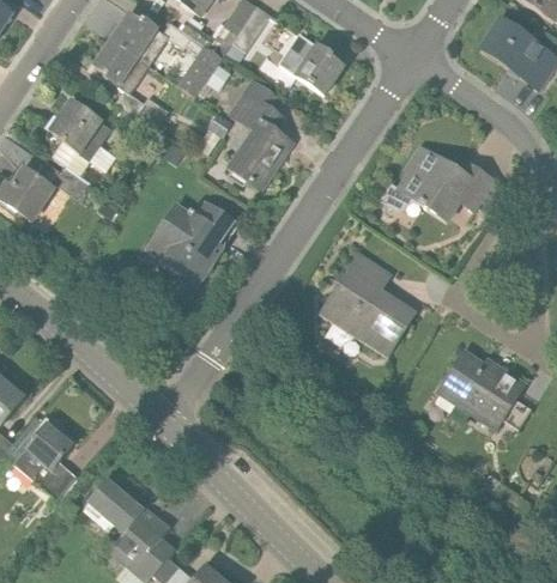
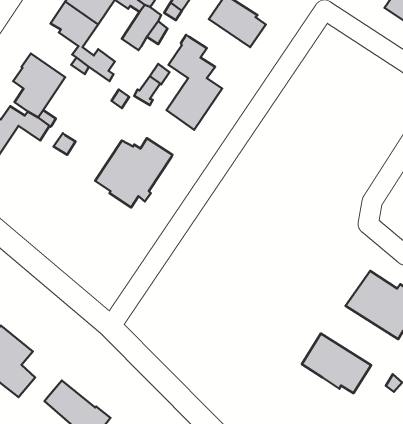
building: [381,146,495,213] -> none
building: [319,250,416,357] -> none
building: none -> [302,334,371,393]

